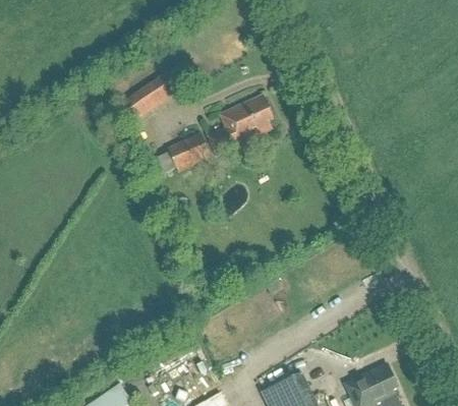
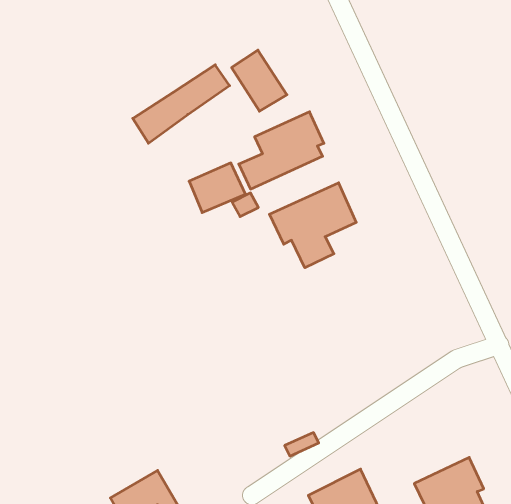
building: none -> [232,50,287,111]
building: none -> [269,183,356,268]

